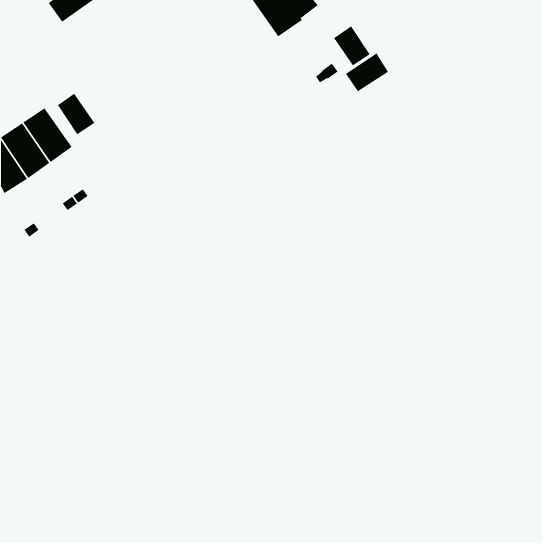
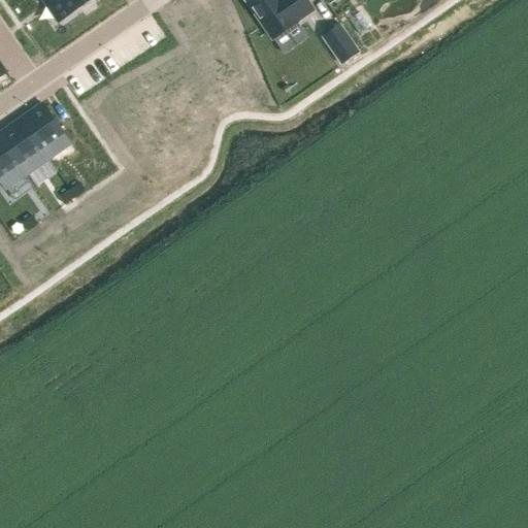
building: [345,53,389,92] -> none
building: [57,93,95,135] -> none

